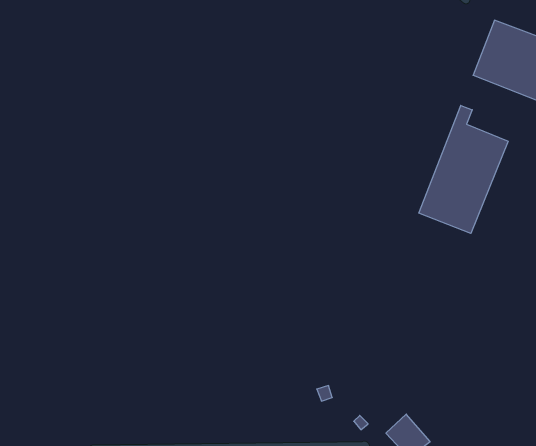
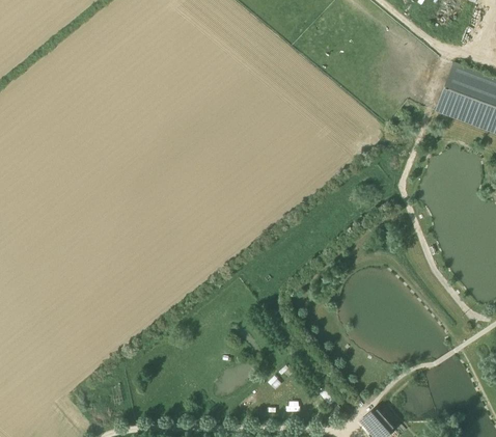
building: [419,105,508,233] -> none

